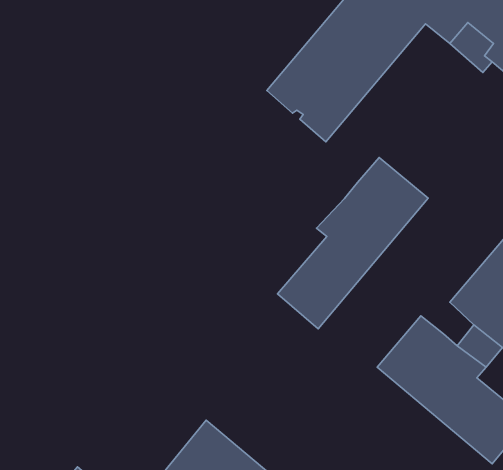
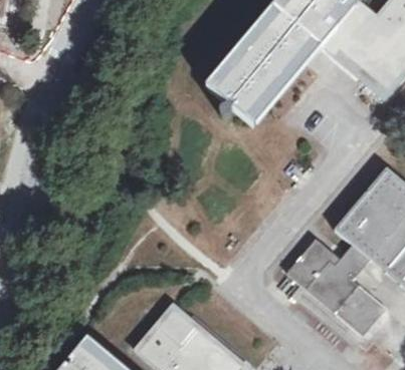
building: [277,158,428,329] -> none

